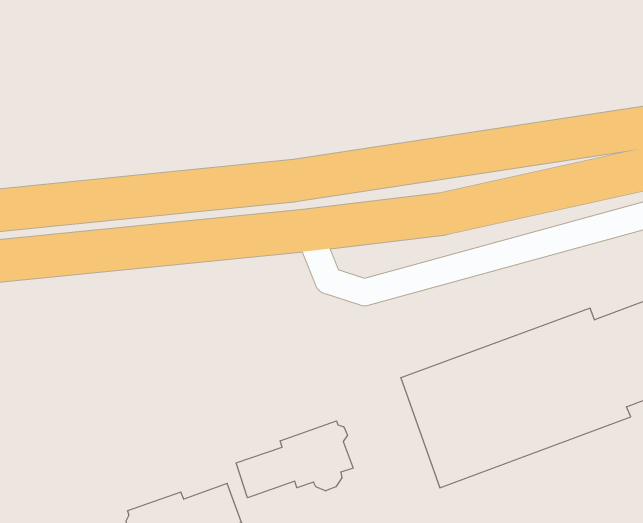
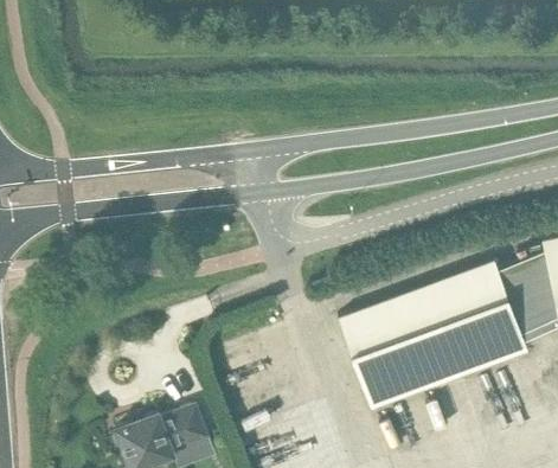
building: [236,421,353,498] -> none

